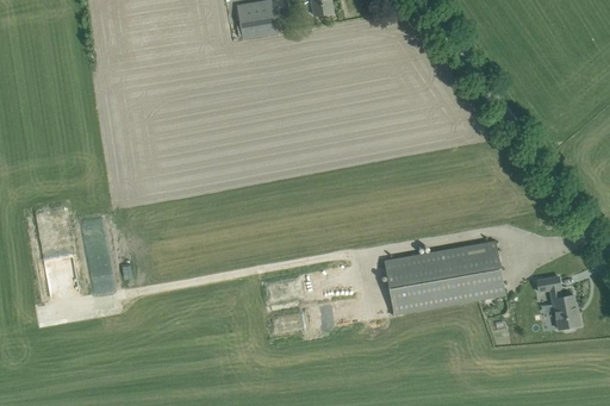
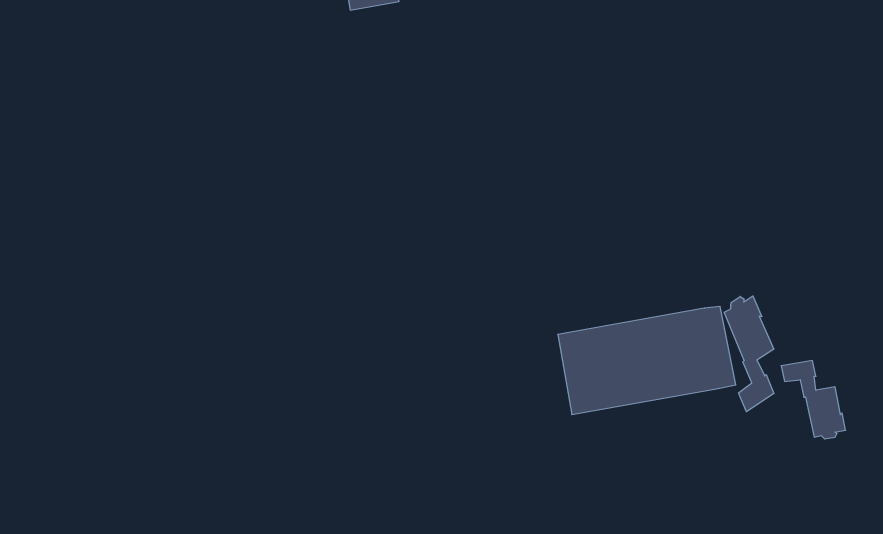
building: none -> [724,296,774,412]

